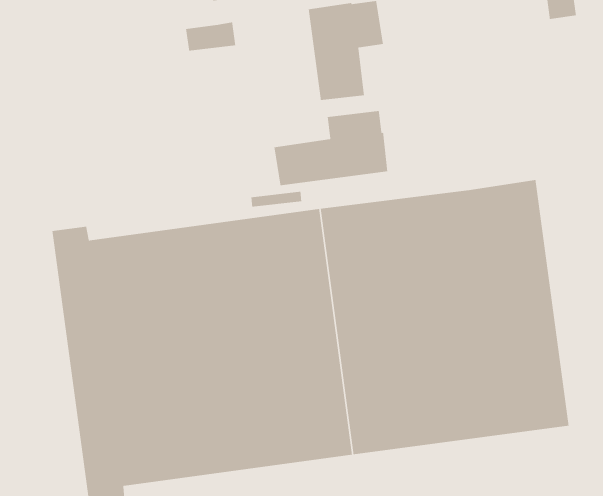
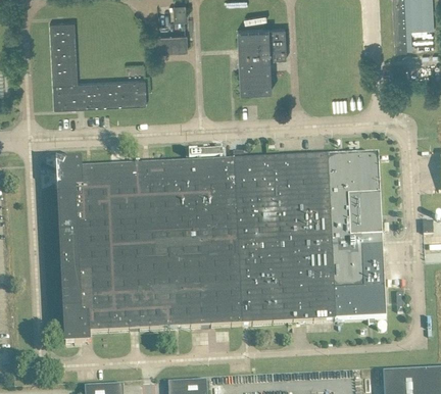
building: none -> [50,20,146,107]
building: [274,110,388,186] -> none

